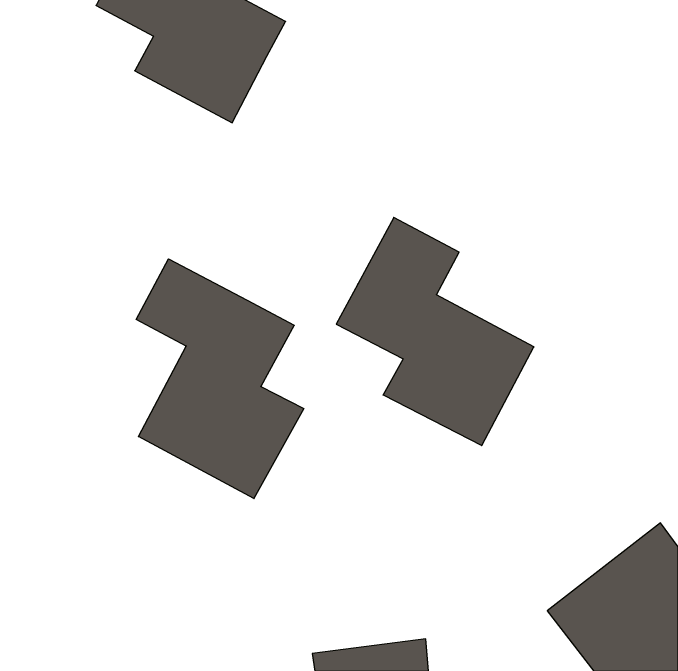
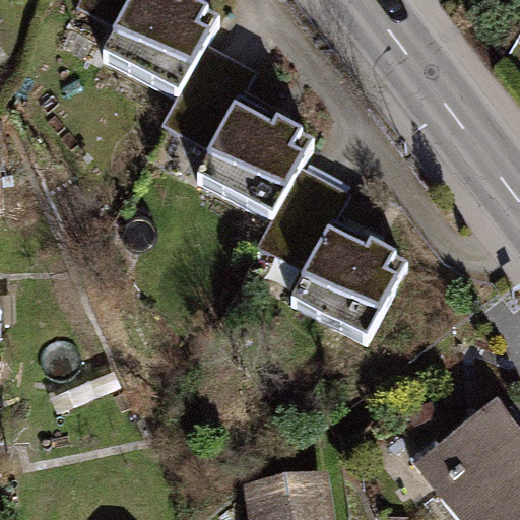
building: none -> [161,43,313,216]
building: [136,259,304,499] -> none

